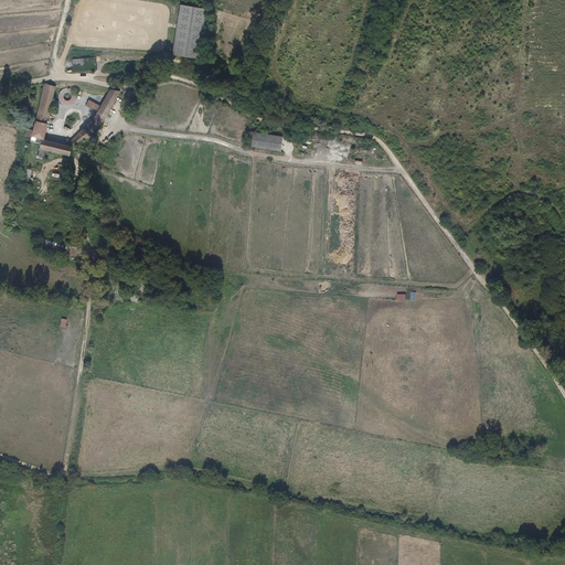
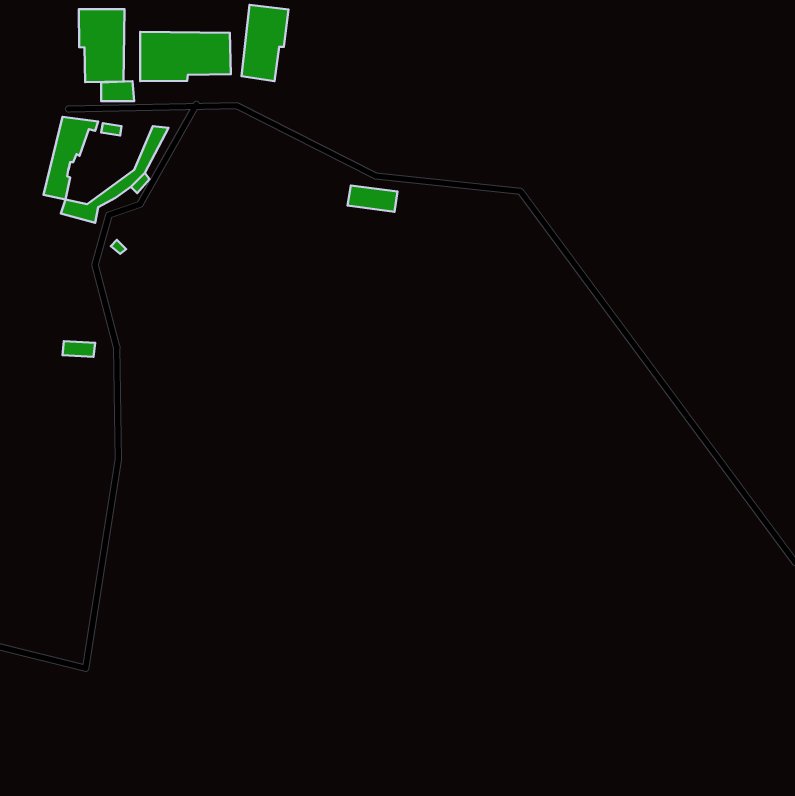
building: none -> [79,9,125,82]
building: none -> [140,32,231,81]

